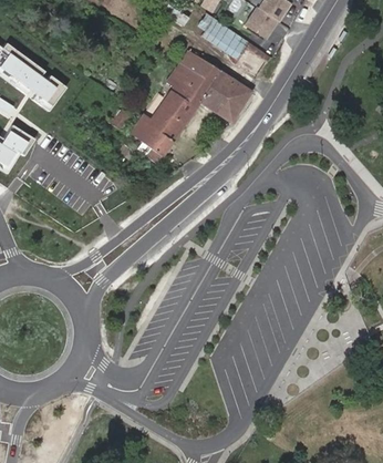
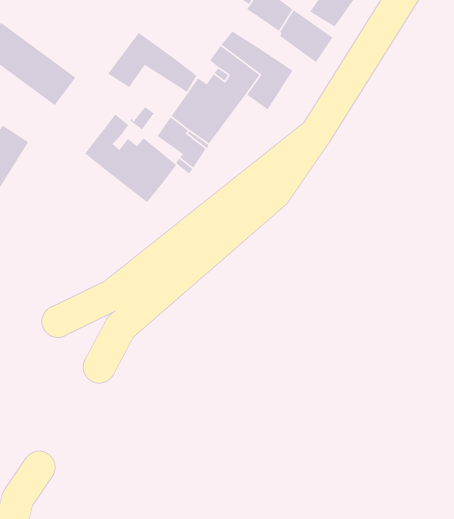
building: none -> [107,32,198,93]
building: [216,83,249,123] -> none
building: none -> [84,113,177,203]

